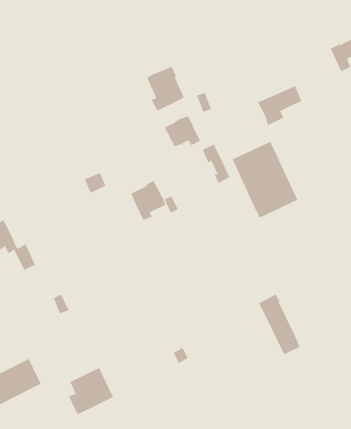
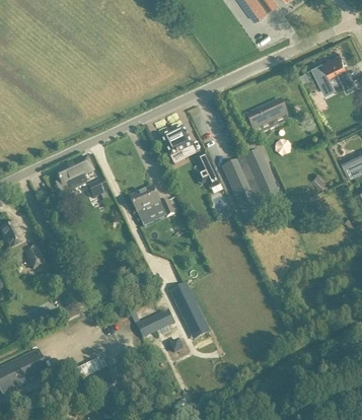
building: [146,66,184,113] -> none
building: none -> [56,156,92,191]
building: [258,294,301,355] -> [169,283,208,339]
building: none -> [136,309,173,338]

